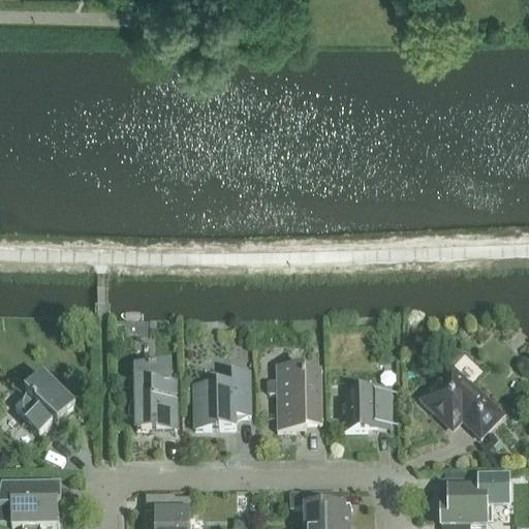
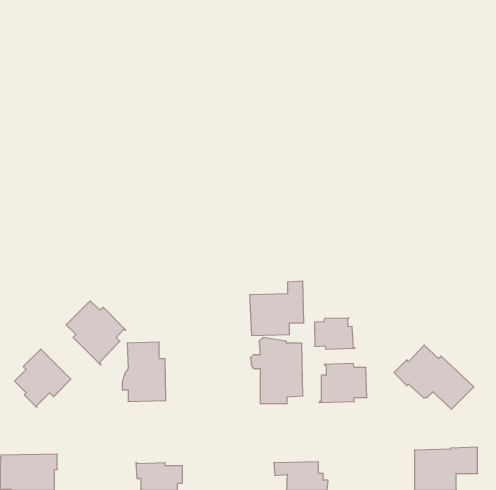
building: none -> [66,301,126,365]
building: none -> [315,318,355,349]
building: [193,369,251,427] -> [250,281,304,336]

